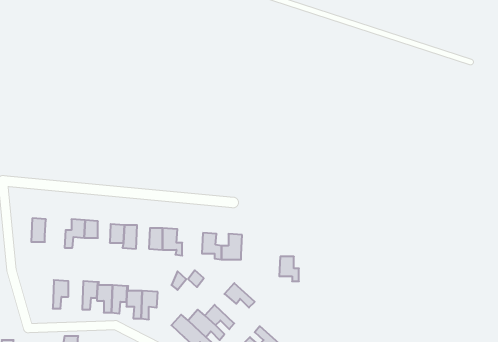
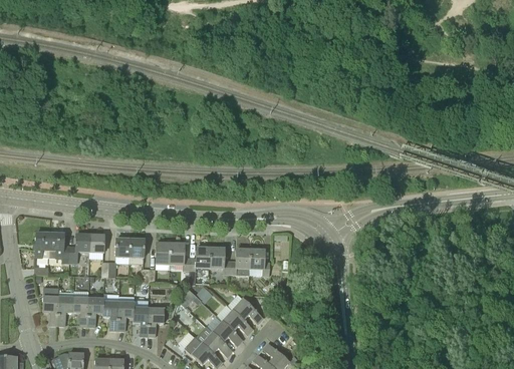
building: none -> [49,233,70,262]
building: none -> [189,247,211,283]
building: [279,257,299,281] -> [250,249,270,274]
building: none -> [42,287,59,324]
building: none -> [73,290,89,325]
building: none -> [223,309,254,339]

